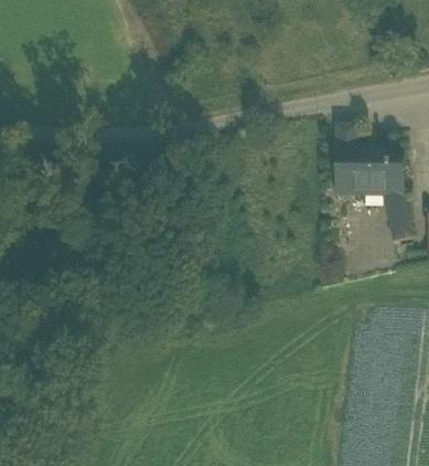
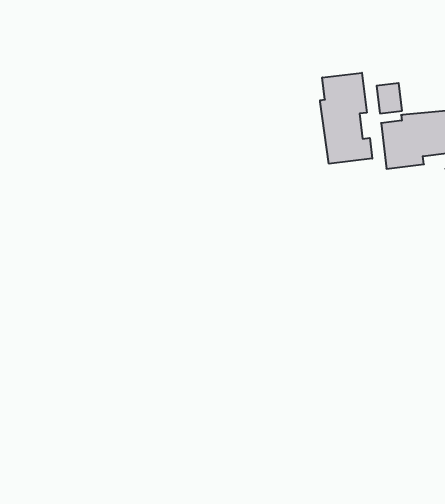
building: none -> [320,73,372,164]

